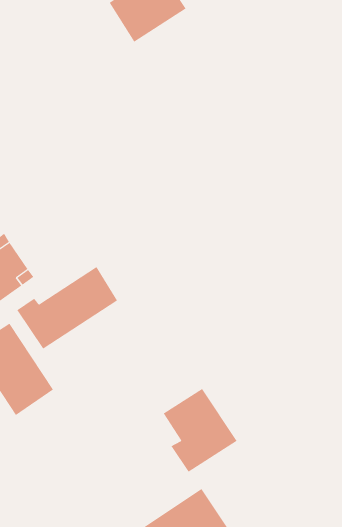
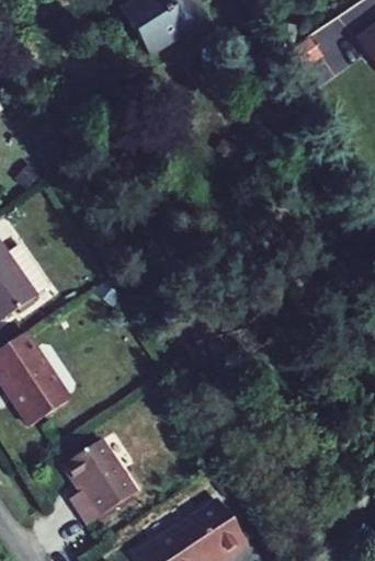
building: [17,266,118,350] -> none
building: [163,388,237,473] -> [63,439,137,524]

